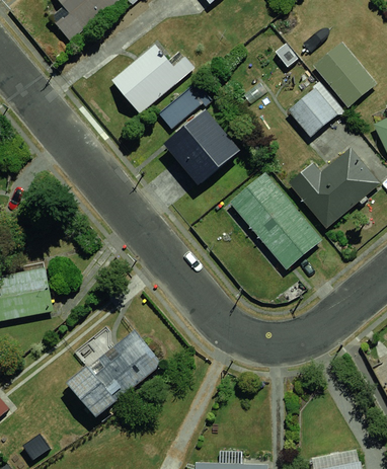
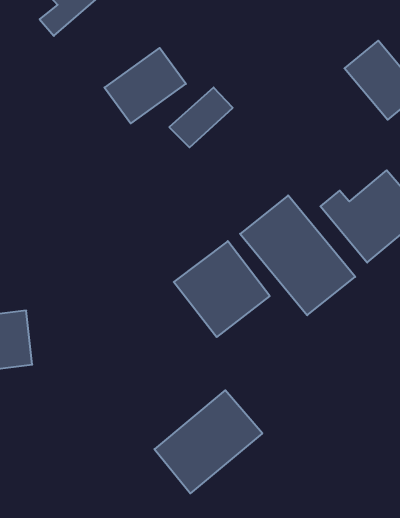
building: [284,85,337,138] -> none
building: [170,108,251,189] -> [174,241,270,337]
building: [67,332,158,419] -> [154,390,262,493]

